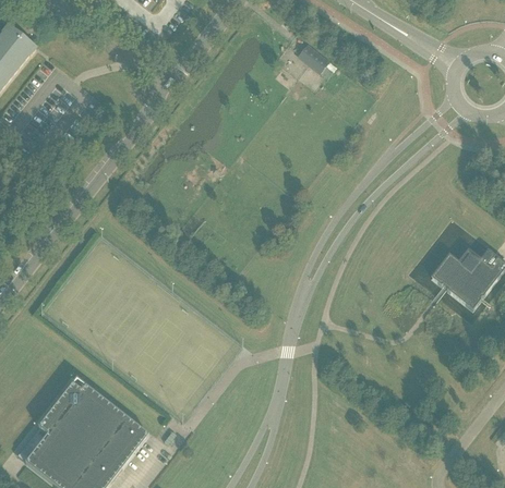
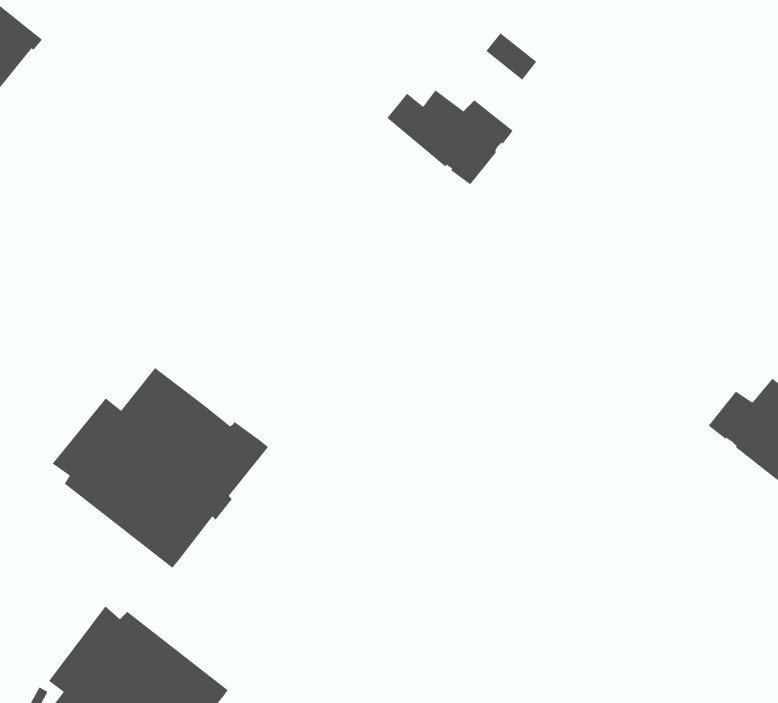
building: none -> [387,89,513,185]
building: none -> [52,367,269,568]

